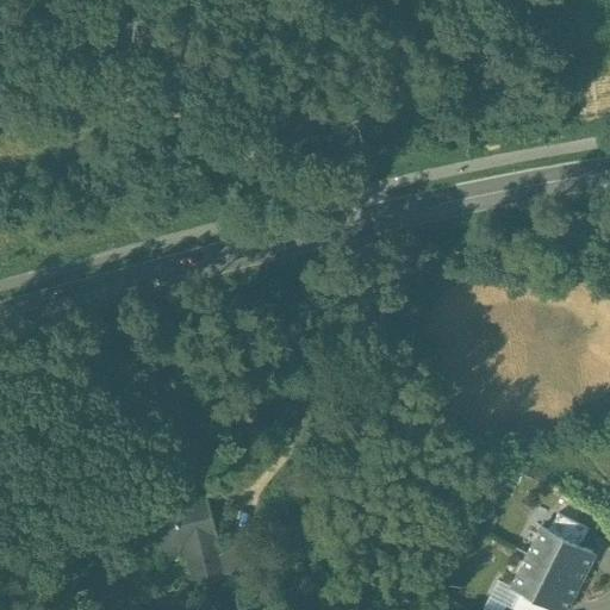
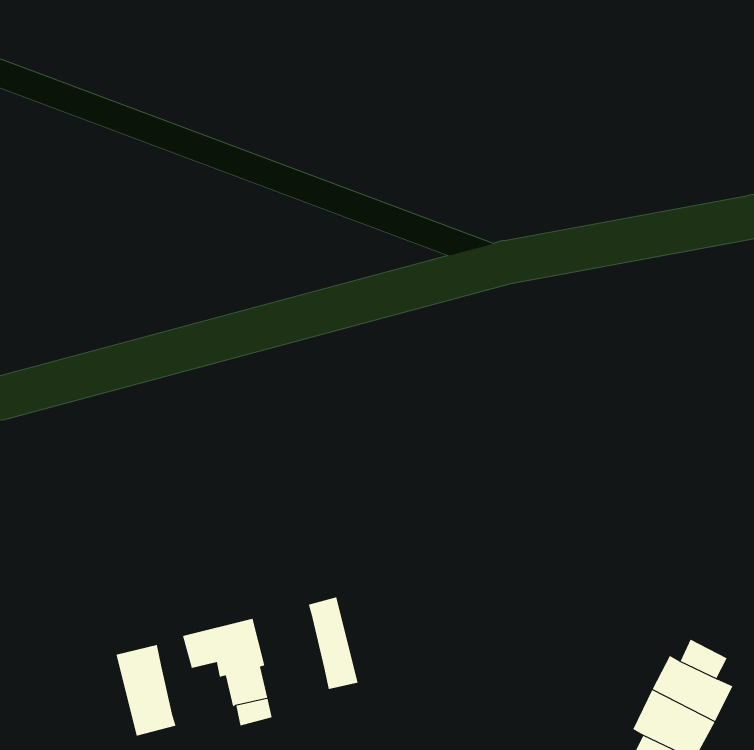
building: none -> [308,597,358,690]
building: none -> [116,644,176,737]

